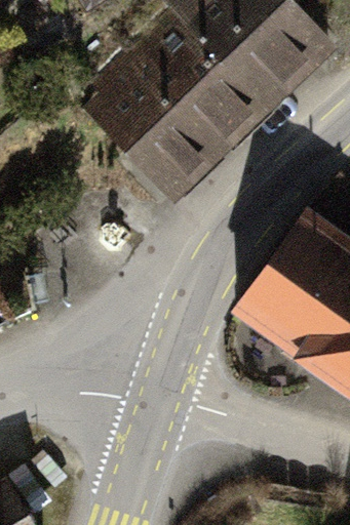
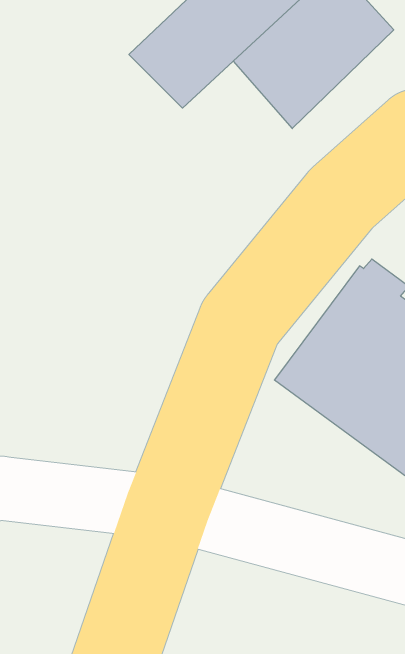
building: [106,74,251,195] -> none

